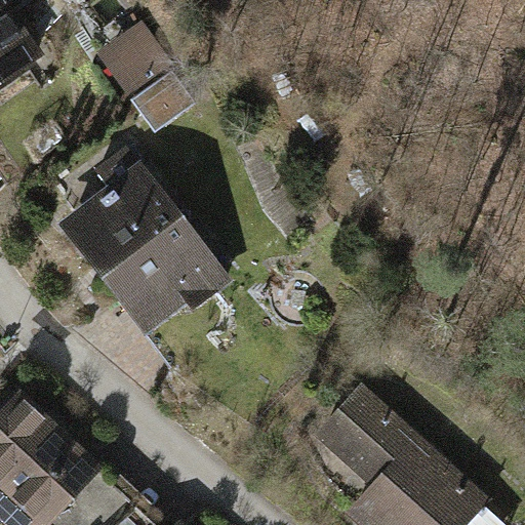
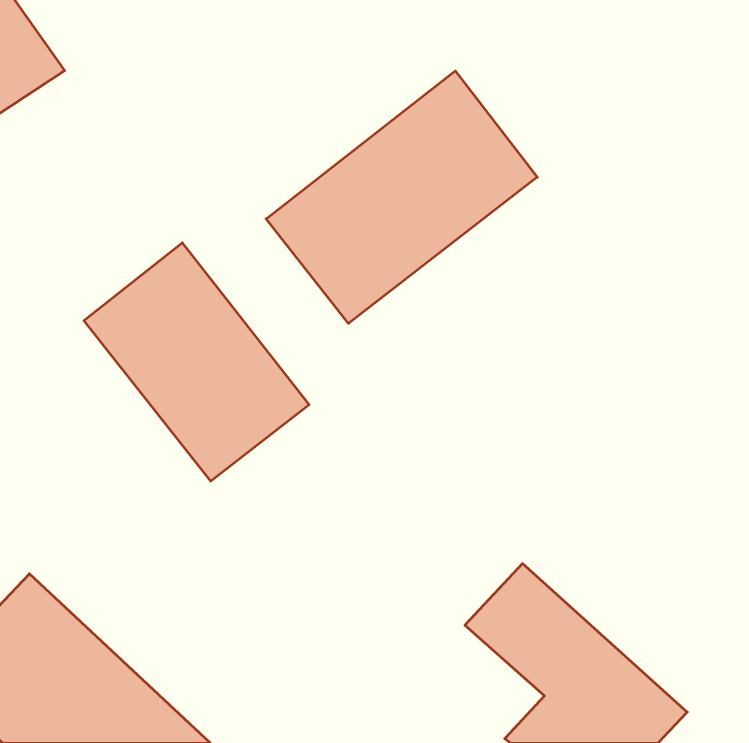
building: [96,14,196,127] -> none
building: none -> [266,71,537,323]

